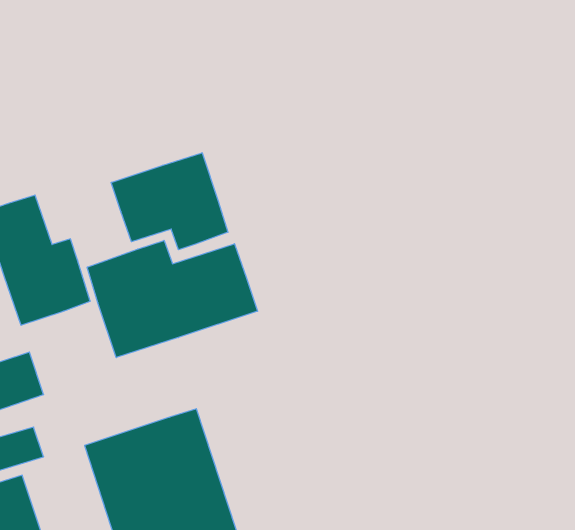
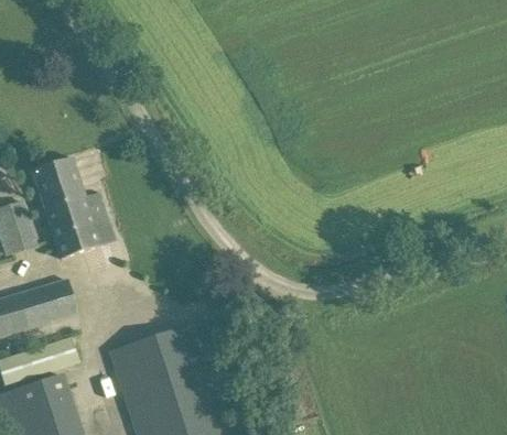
building: [111,153,228,250] -> none
building: [87,240,258,358] -> none

